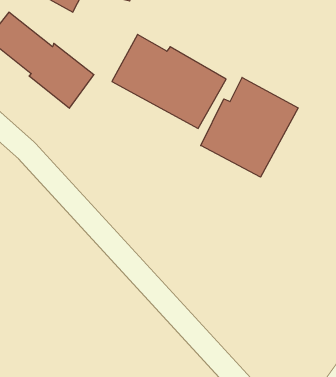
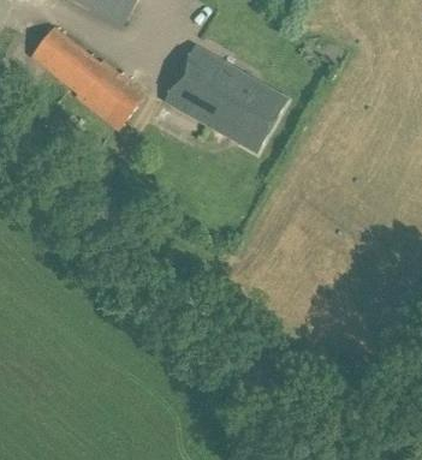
building: [201,77,298,177] -> none

